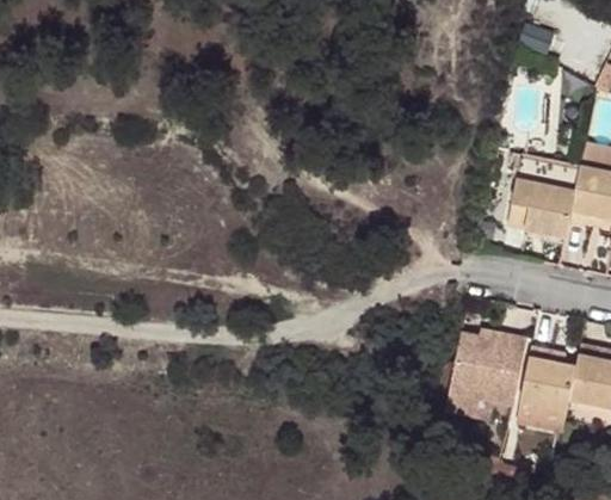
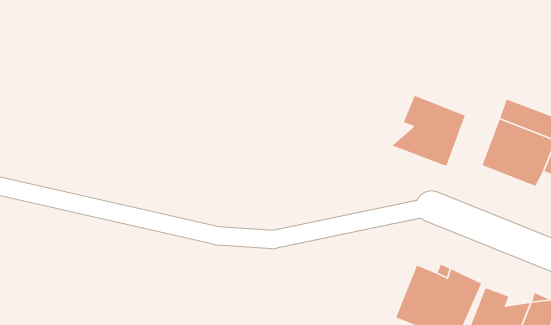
building: none -> [391,95,466,167]

